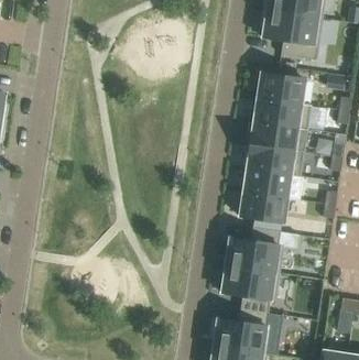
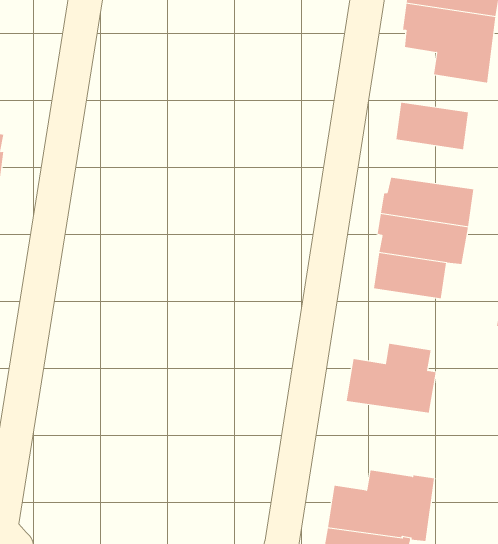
building: [253,96,311,128] -> none
building: [239,192,286,222] -> none
building: [220,264,279,313] -> none

